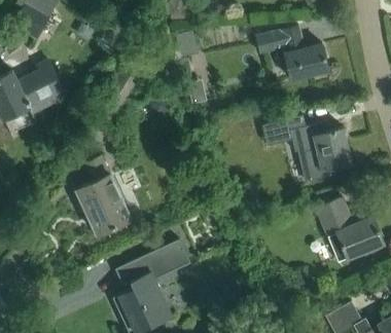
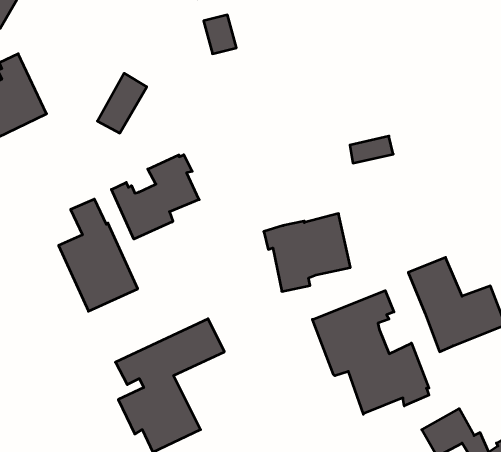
building: [255,27,328,79] -> none
building: [292,126,352,180] -> [264,214,350,291]
building: none -> [111,155,199,239]
building: none -> [312,291,429,414]

